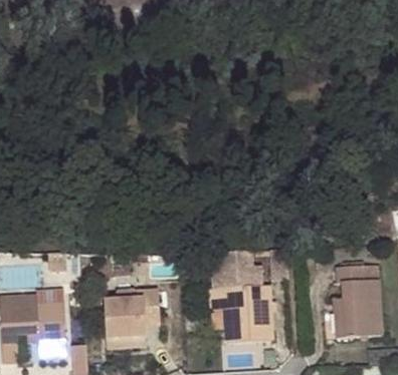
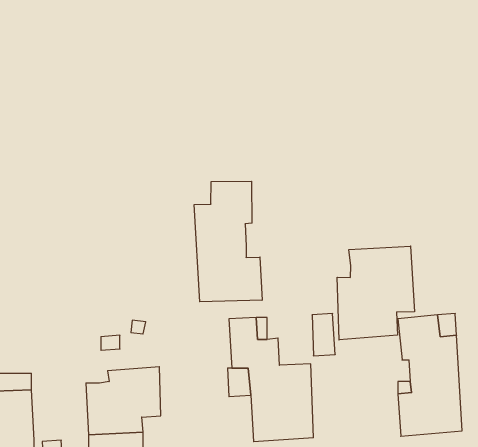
building: none -> [194,181,262,302]
building: none -> [337,246,414,340]

